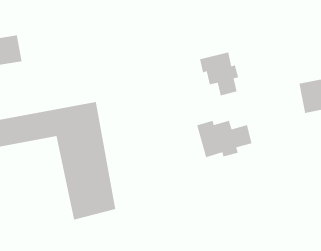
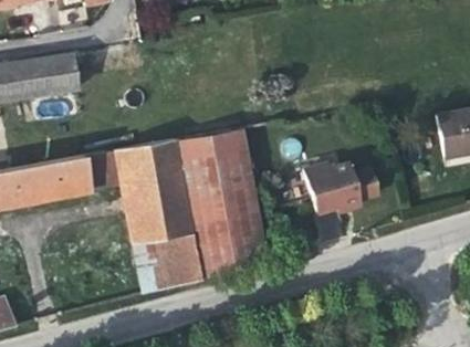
building: [199,51,239,96] -> none
building: none -> [176,129,267,280]

